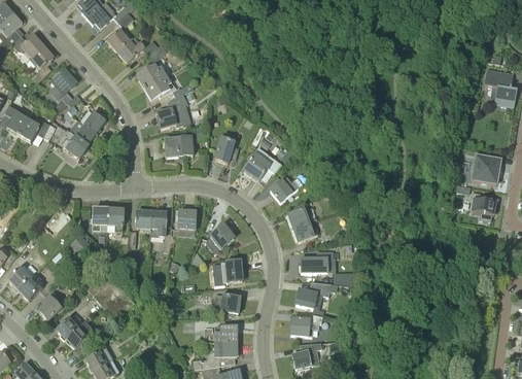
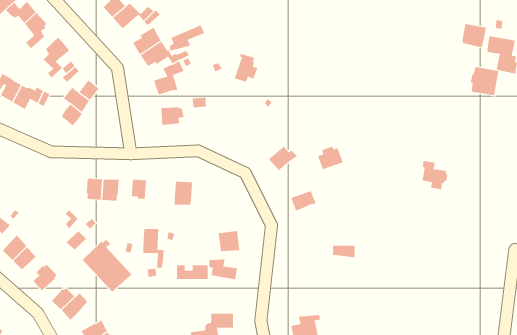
building: none -> [462,23,486,48]
building: none -> [169,25,205,52]
building: [214,134,238,163] -> [234,53,258,83]
building: [243,148,281,180] -> none
building: [471,156,499,184] -> [470,66,499,96]
building: [471,192,496,220] -> [422,160,448,190]
building: [286,205,312,229] -> [317,146,343,170]
building: [149,211,171,250] -> [143,228,165,268]
building: [205,226,233,253] -> none
building: [299,251,333,273] -> none
building: [295,282,337,308] -> none
building: [289,313,322,336] -> none
building: [204,328,236,342] -> [176,265,209,280]

